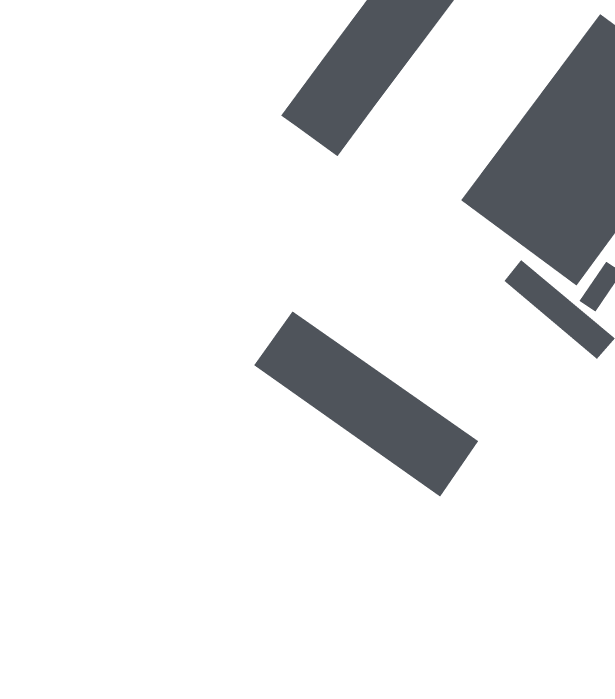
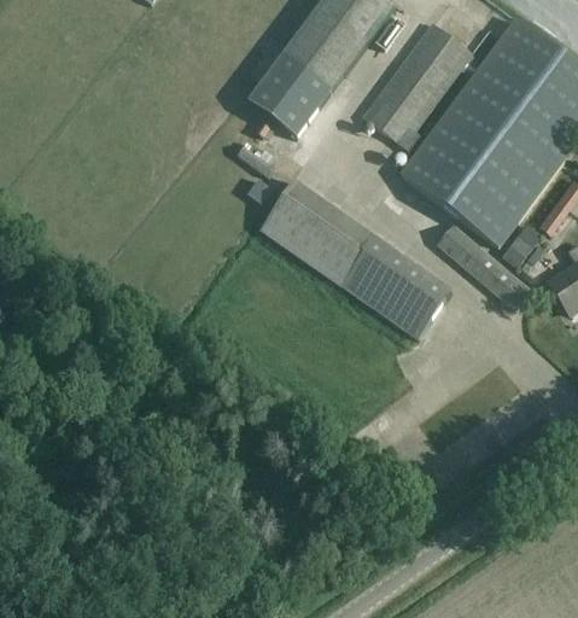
building: none -> [363,23,472,144]
building: [253,310,479,497] -> [261,180,450,337]

